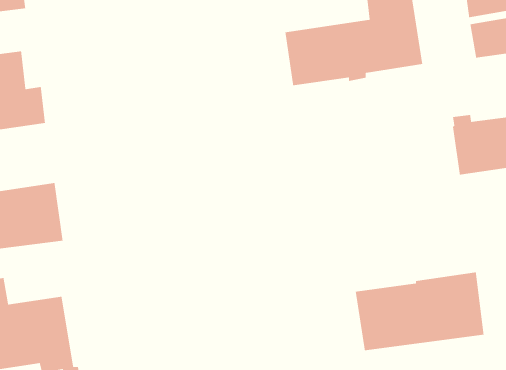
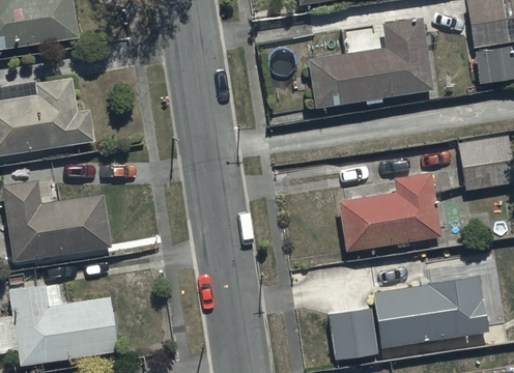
building: none -> [339,173,441,251]
building: none -> [329,309,377,358]

